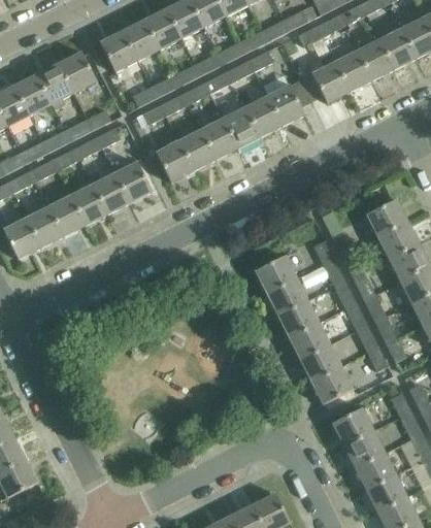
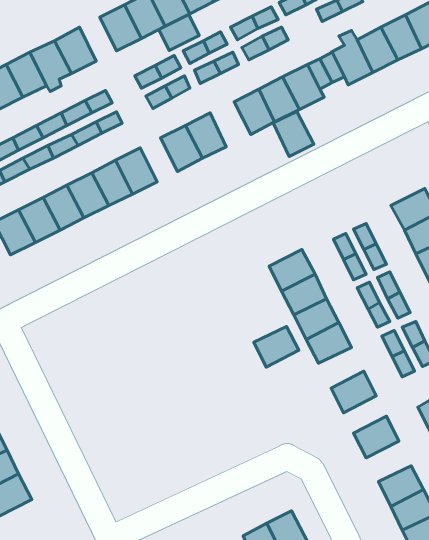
building: none -> [159,14,199,51]
building: [201,119,238,160] -> [273,111,314,157]
building: [300,343,341,381] -> [254,326,299,367]
building: [343,429,385,466] -> none

